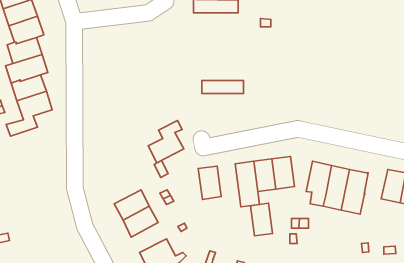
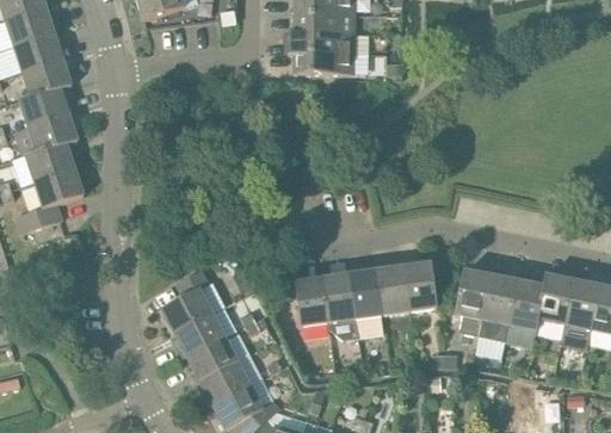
building: [202,80,243,93] -> [295,52,356,72]
building: [148,120,184,163] -> [161,270,214,332]
building: none -> [539,276,574,324]
building: [250,203,273,236] -> [325,273,357,321]
building: none -> [199,359,251,403]

